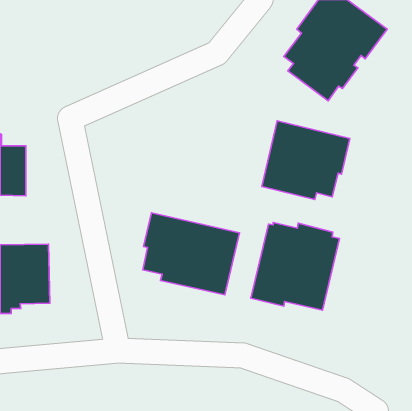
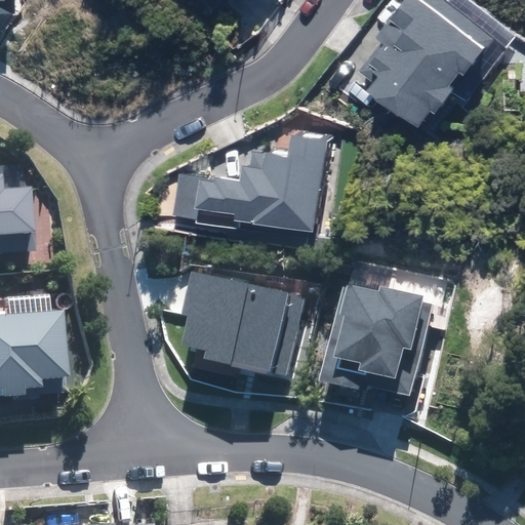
building: none -> [173,133,326,231]
building: [262,121,350,200] -> none

